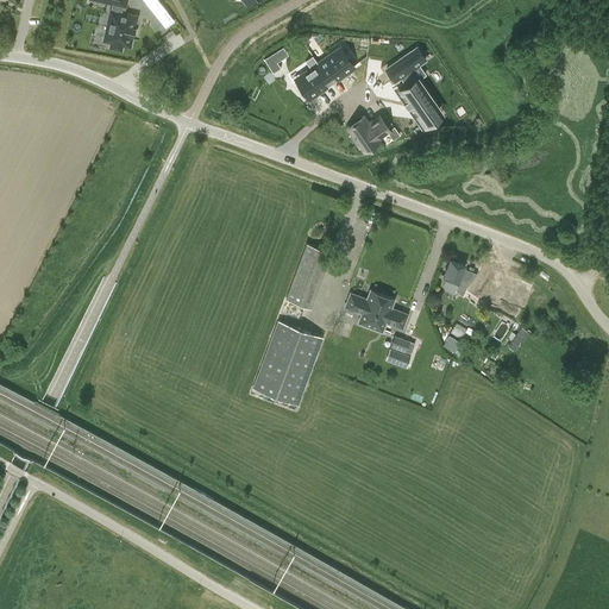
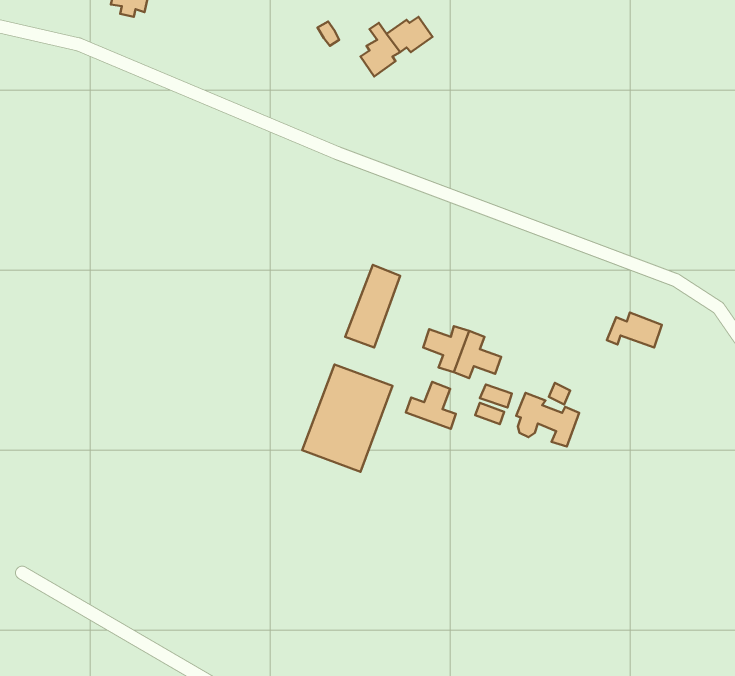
building: [387,48,438,127] -> none
building: [347,115,389,151] -> none
building: [442,259,491,301] -> [516,393,579,447]
building: none -> [406,382,456,429]

